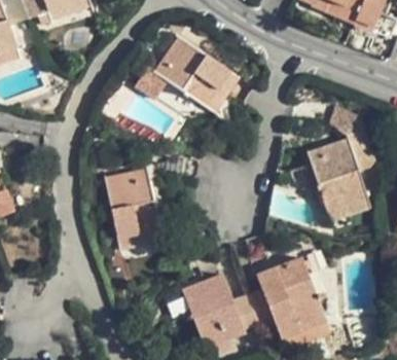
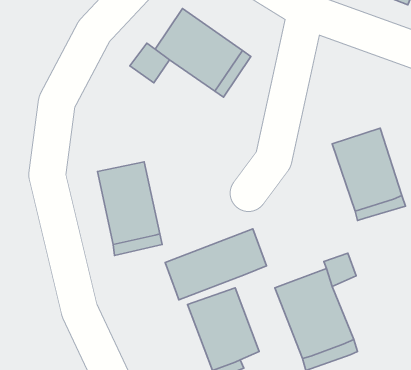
building: none -> [165,229,266,300]

